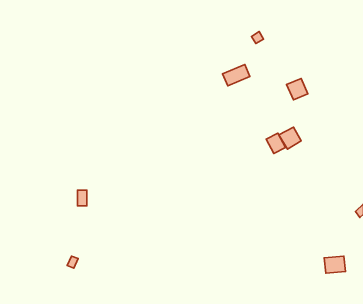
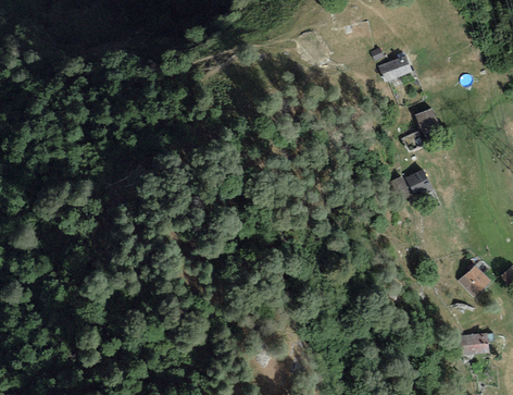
building: [223,65,250,86] -> [377,54,412,82]
building: none -> [459,264,491,297]

